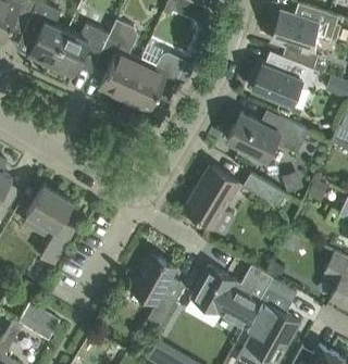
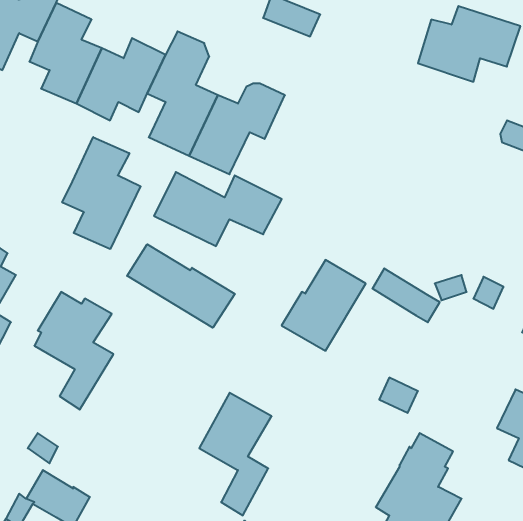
building: [251,54,319,106] -> none
building: none -> [62,137,141,249]
building: [226,114,309,162] -> [154,172,282,246]
building: none -> [127,244,235,328]
building: [190,266,273,329] -> none

